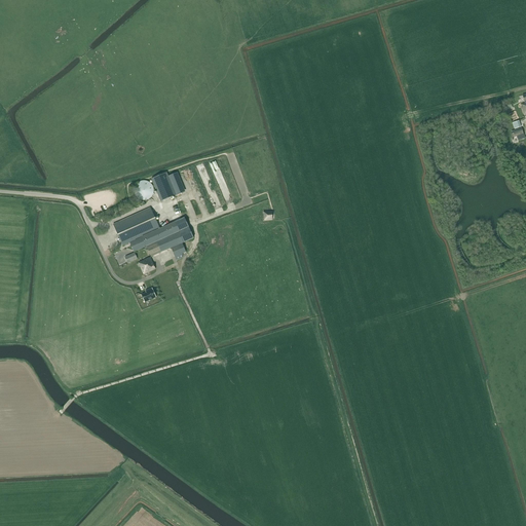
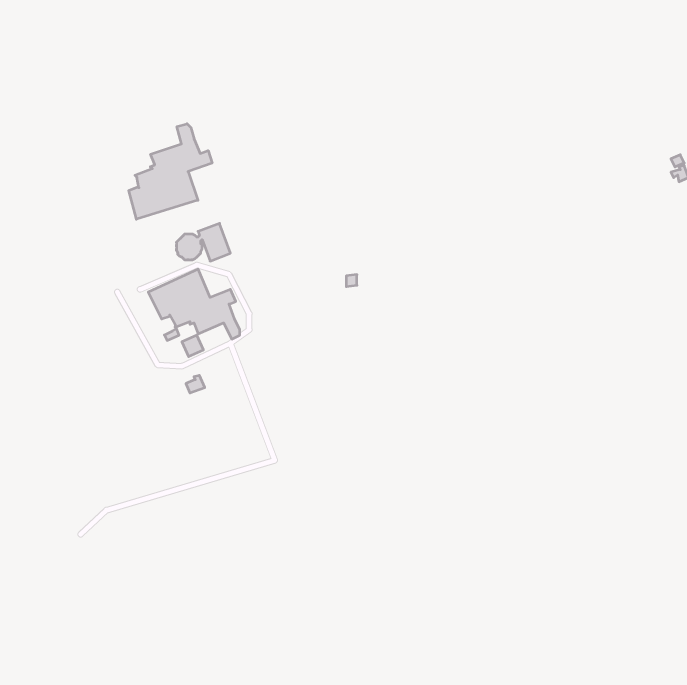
building: none -> [129,124,212,219]

